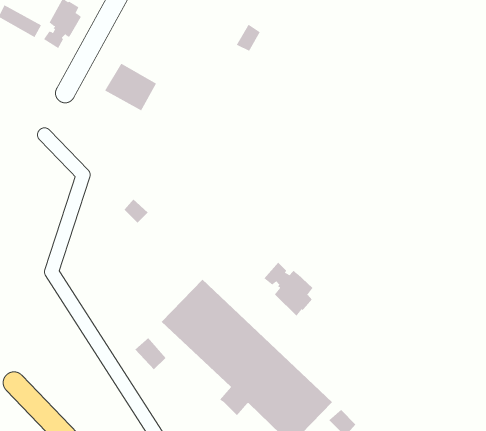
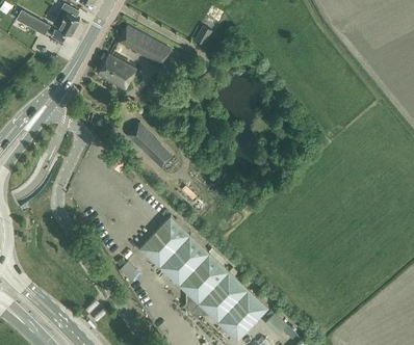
building: none -> [118,25,171,65]
building: none -> [127,124,173,168]
building: [264,262,313,317] -> none

